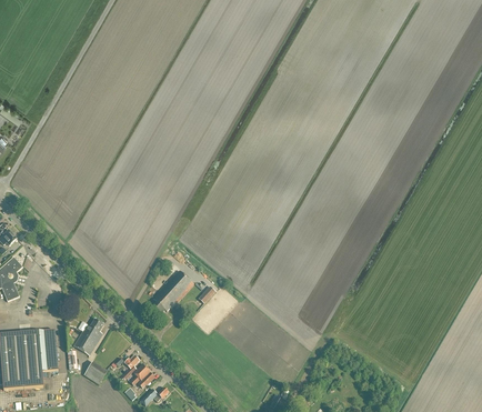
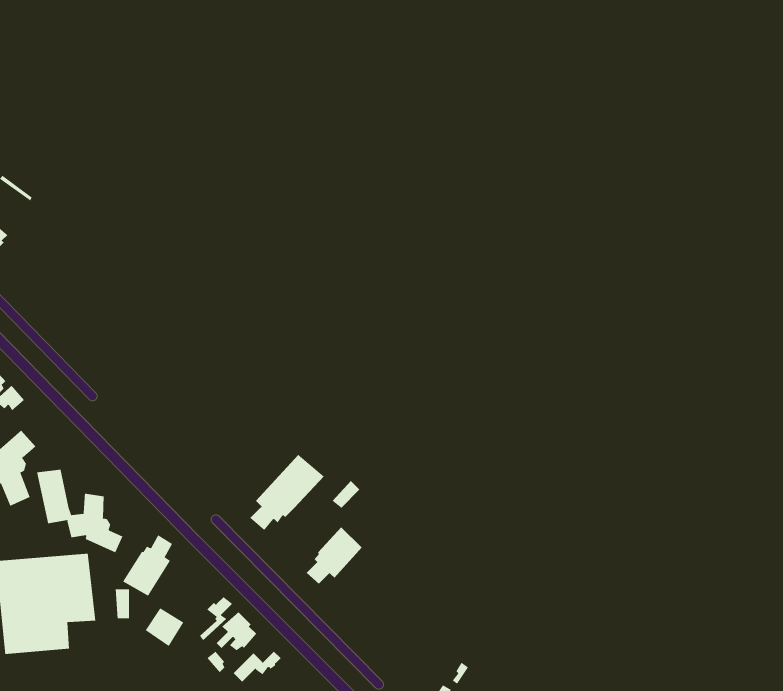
building: none -> [36,469,123,553]
building: none -> [306,527,362,585]

